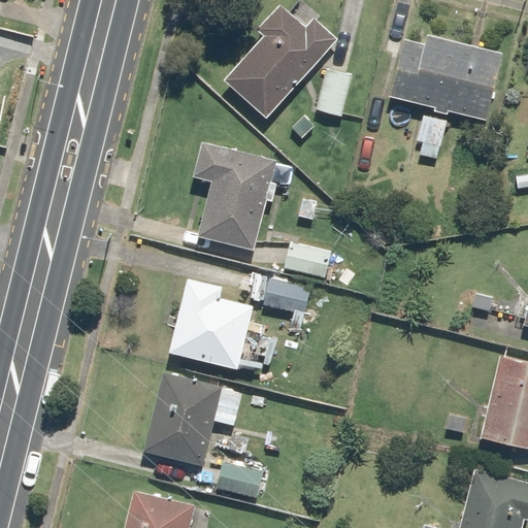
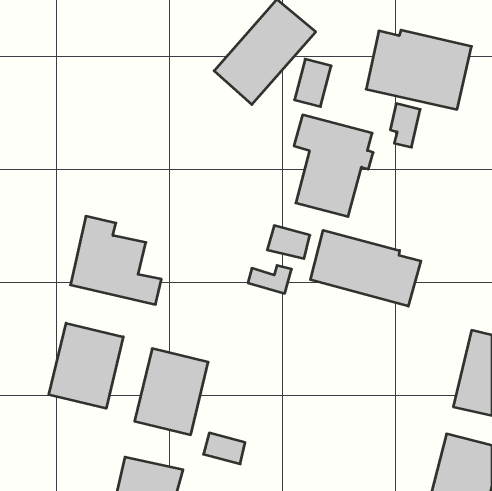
building: [195,142,279,251] -> [294,115,373,217]
building: none -> [310,230,421,306]
building: [172,280,269,374] -> [70,216,161,304]
building: none -> [49,323,123,408]

